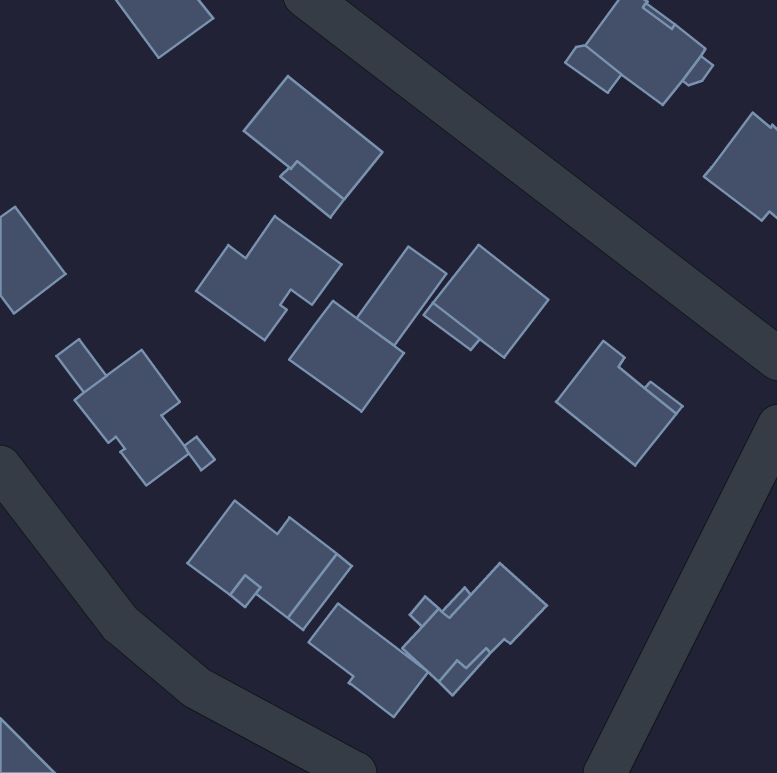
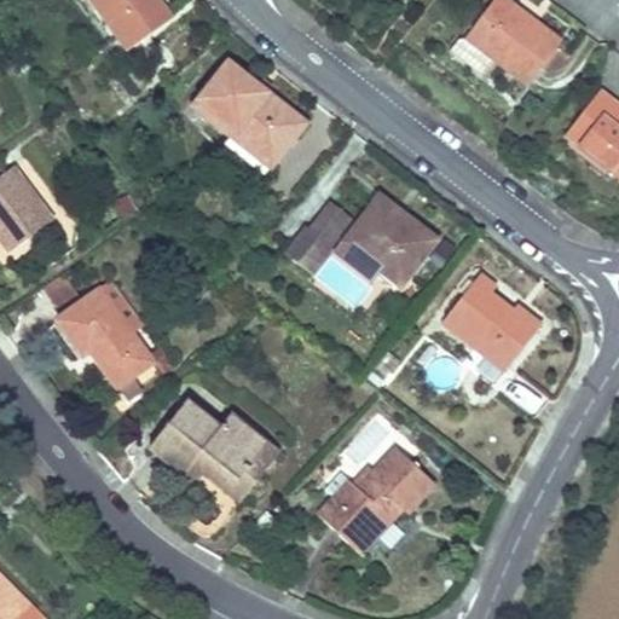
building: [196,216,342,340] -> none
building: [289,301,404,412] -> none
building: [309,604,428,717] -> none

